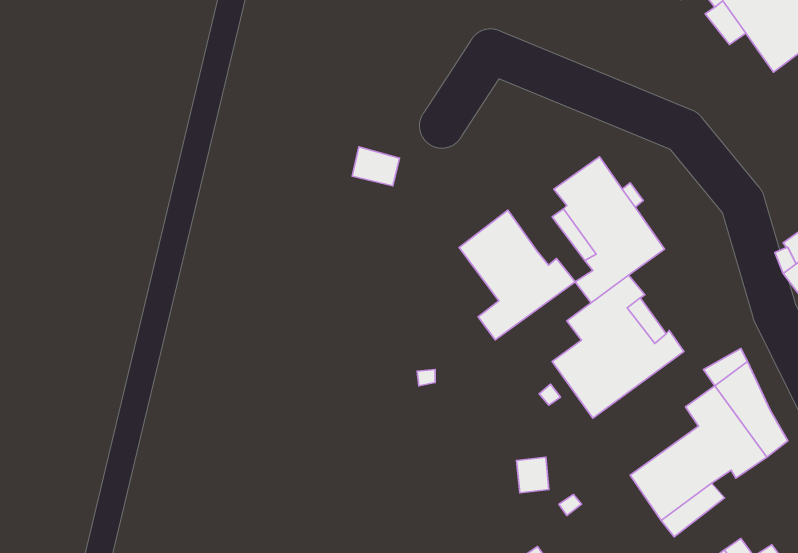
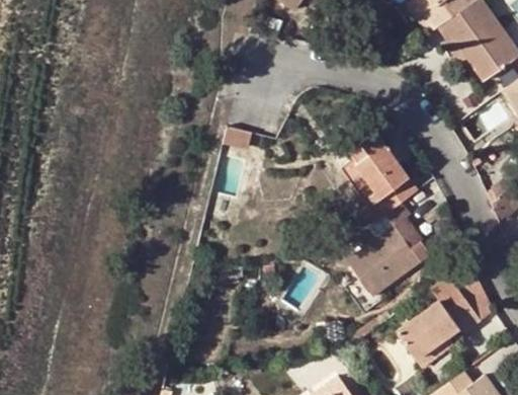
building: [459,210,575,340] -> none

